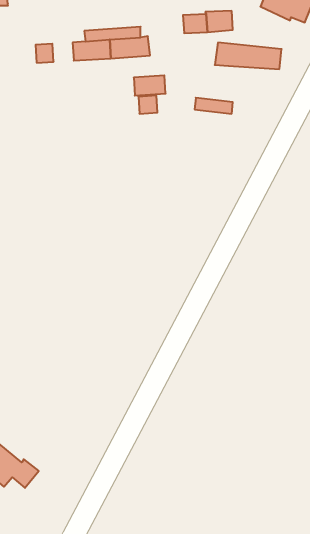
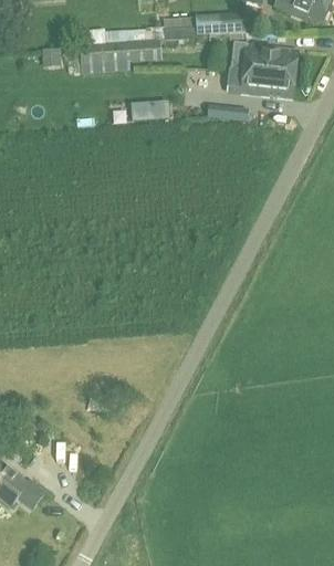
building: none -> [240,70,295,98]
building: [134,75,166,96] -> [163,17,196,38]

